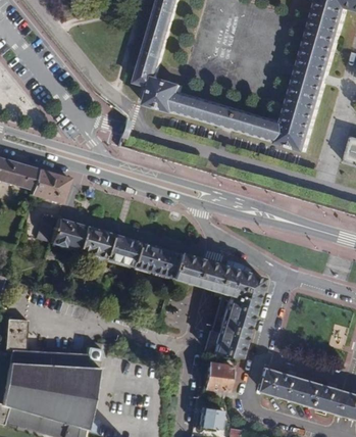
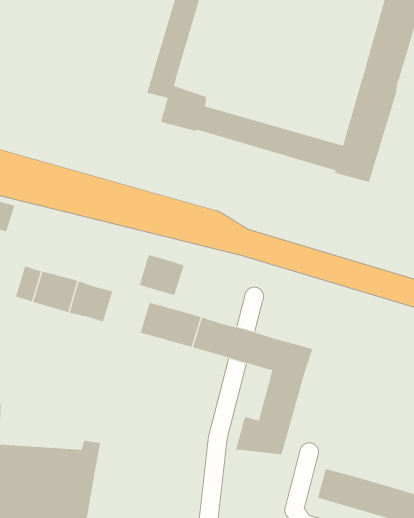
building: [29,168,67,202] -> none
building: [103,234,138,265] -> [139,254,184,296]
building: [197,361,234,398] -> none

